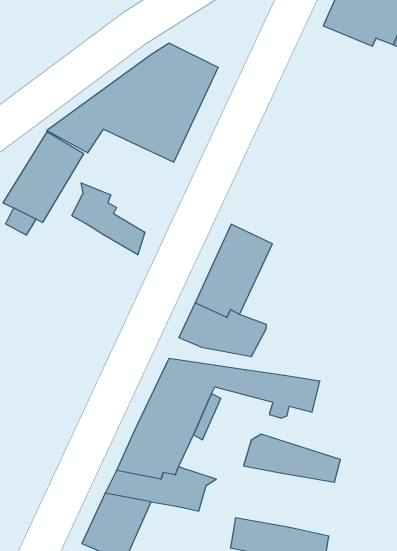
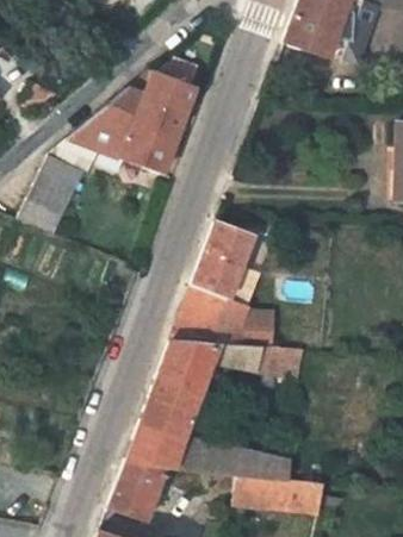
building: [72,183,145,255] -> none
building: none -> [237,311,274,350]
building: [244,434,340,482] -> [206,444,290,481]

